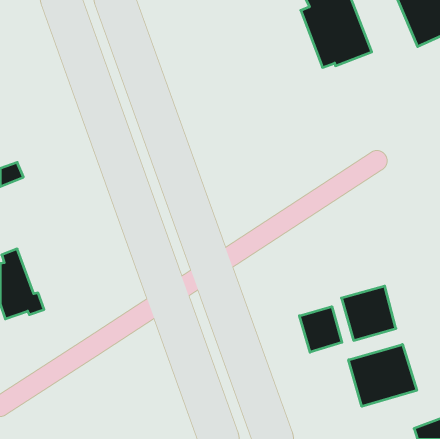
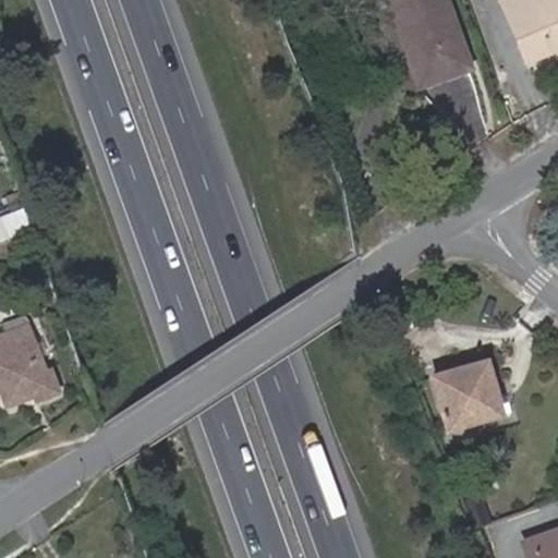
building: [299,307,342,352] -> none
building: [349,344,417,406] -> none

